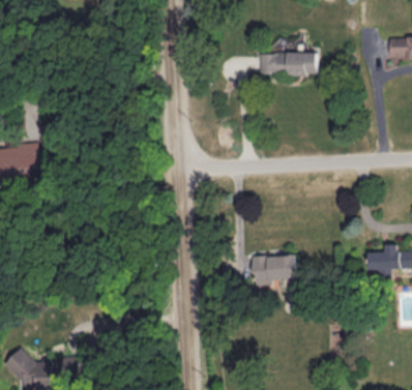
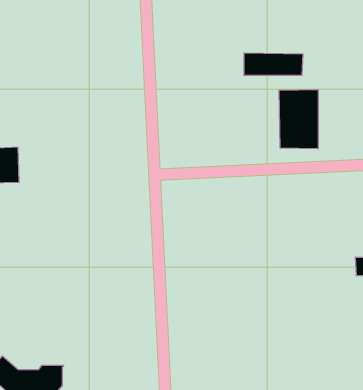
building: none -> [279,89,318,149]
building: [252,256,296,287] -> none

